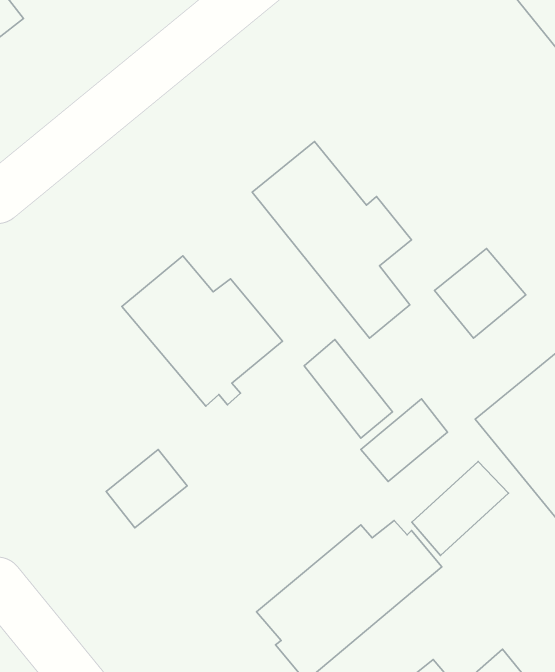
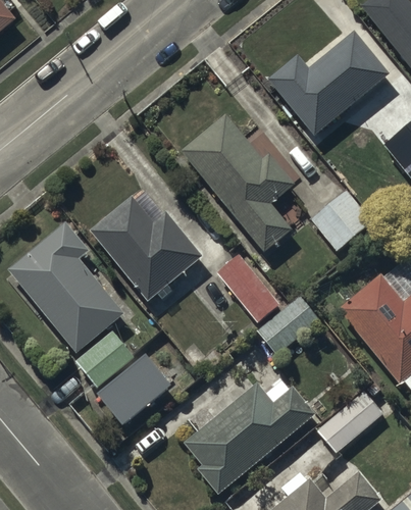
building: none -> [266,31,388,135]
building: none -> [9,220,125,352]
building: [412,461,509,555] -> [316,388,384,454]
building: none -> [99,354,171,423]

